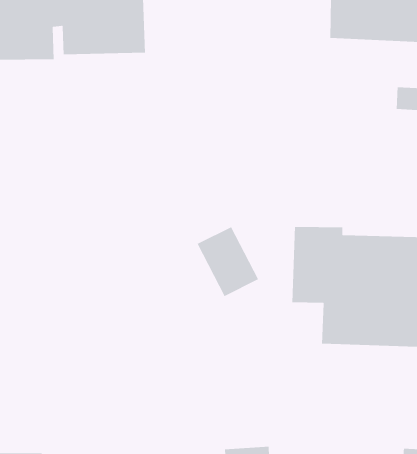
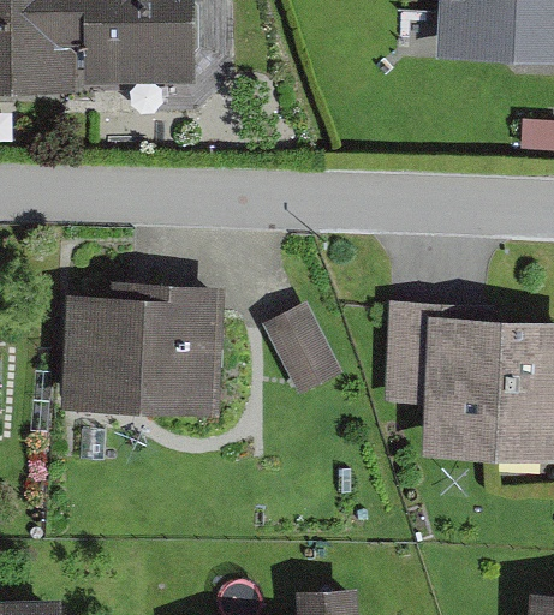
building: none -> [59,280,225,417]

